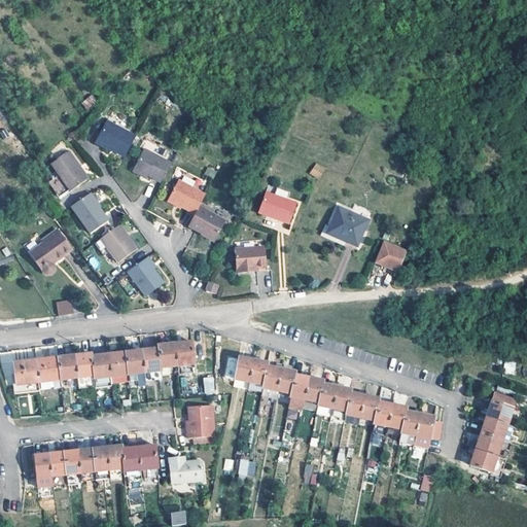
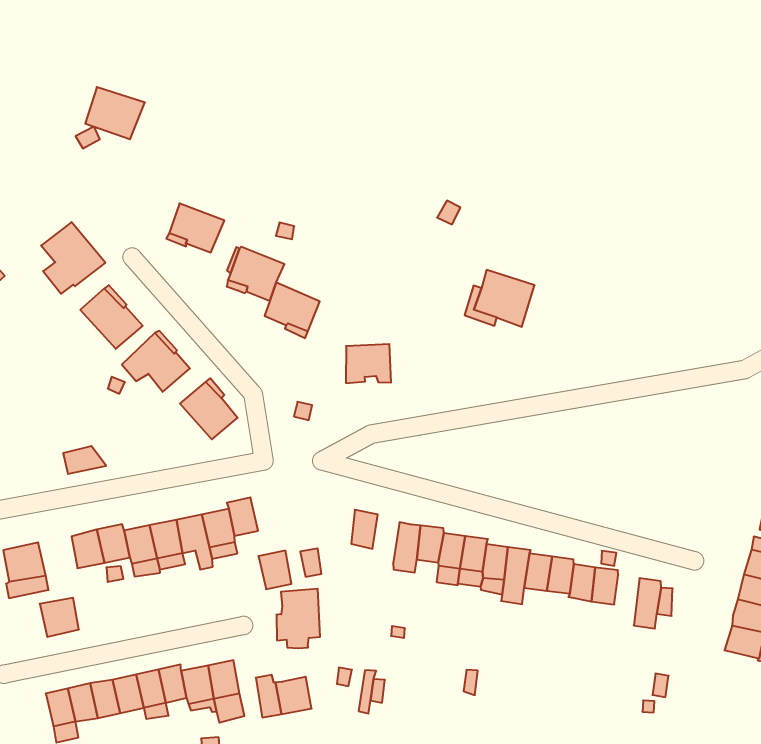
building: [97,122,136,157] -> [85,87,145,139]
building: [256,190,293,222] -> none
building: [31,233,76,276] -> none
building: [375,239,407,269] -> none
building: [173,338,192,361] -> [258,551,291,589]
building: [246,353,268,389] -> none
building: [35,355,59,379] -> [40,598,79,637]
building: [396,409,417,442] -> none

